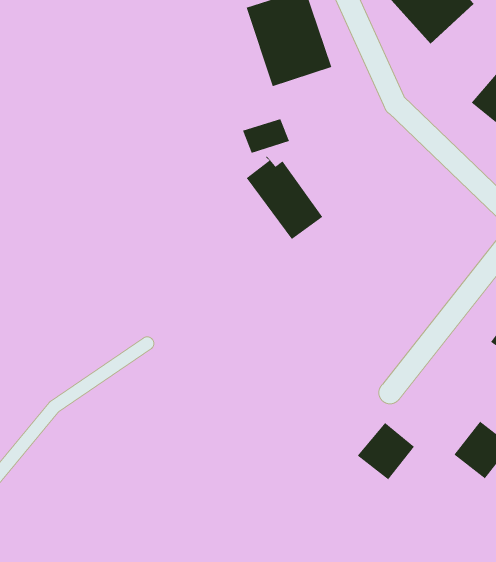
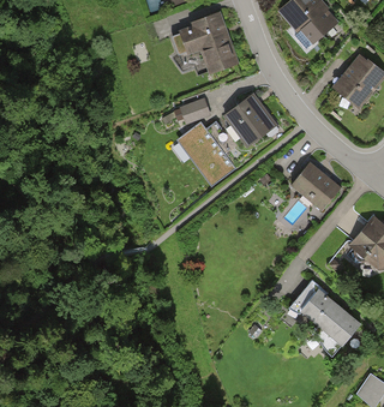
building: none -> [221,92,276,148]
building: none -> [292,163,340,209]
building: [357,422,415,480] -> [299,288,338,328]

